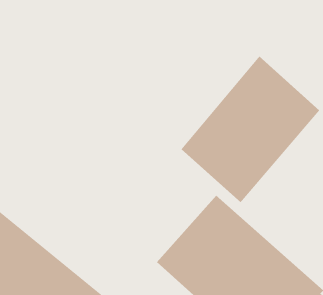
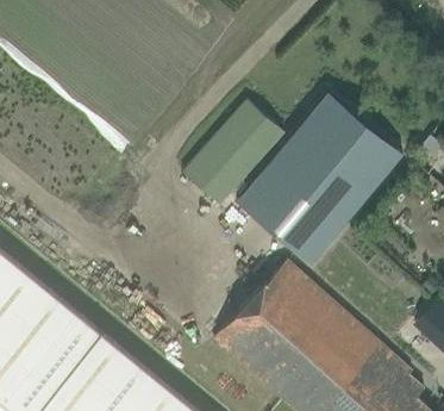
building: none -> [182,99,283,204]

